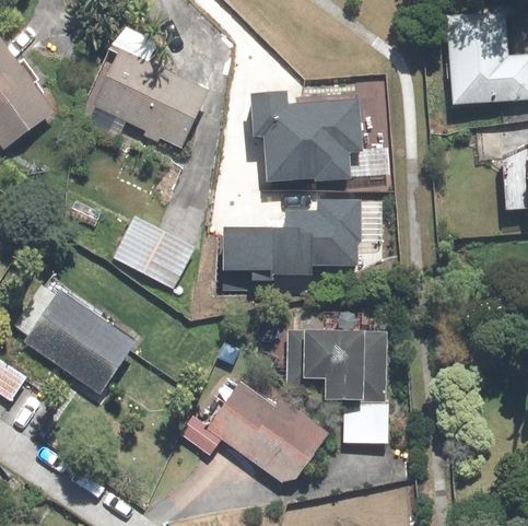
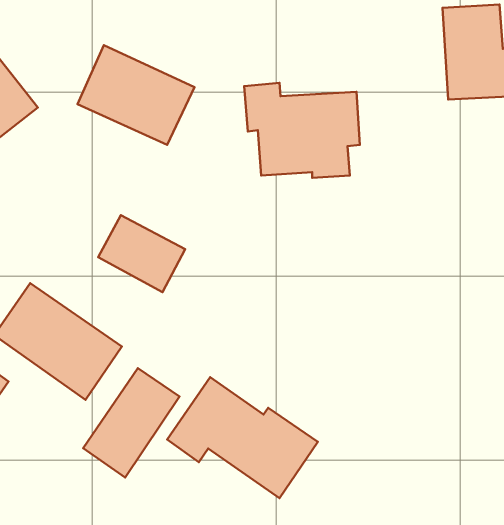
building: [226,195,365,287] -> none
building: [285,311,387,443] -> none
building: none -> [83,368,180,477]

